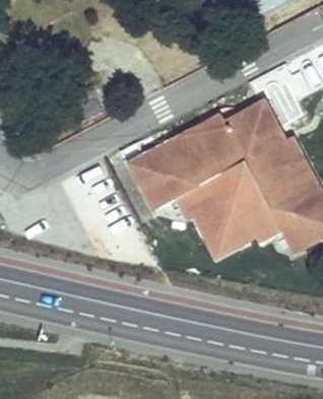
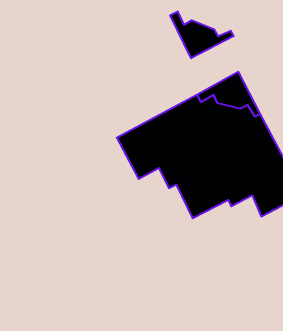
building: none -> [170,11,234,58]

